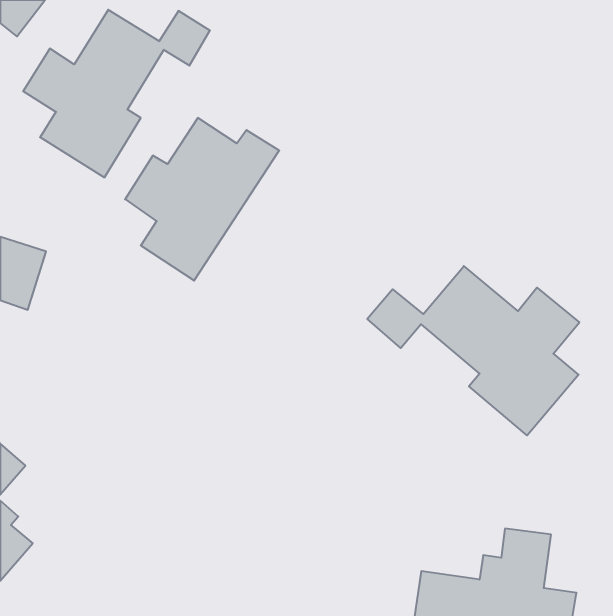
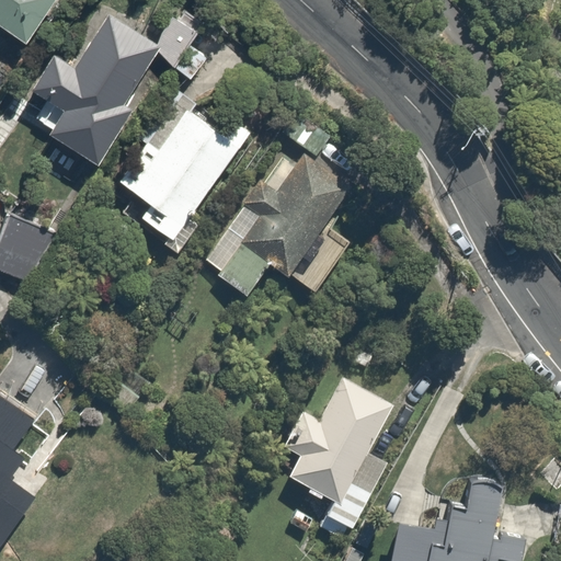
building: none -> [208,153,348,295]
building: [367,266,579,435] -> none
building: none -> [288,379,393,541]

